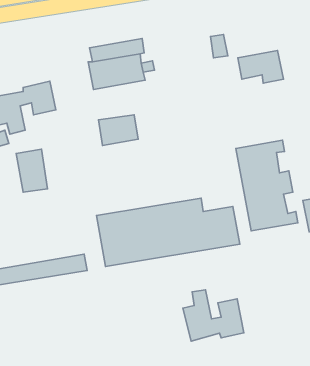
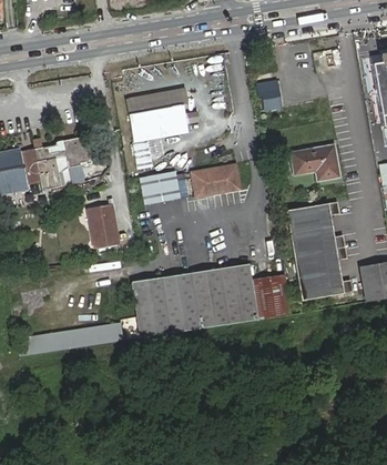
building: [238,51,284,83] -> [287,144,337,180]
building: none -> [192,165,236,195]
building: [16,149,48,192] -> [84,204,119,251]
building: [183,290,244,341] -> none

